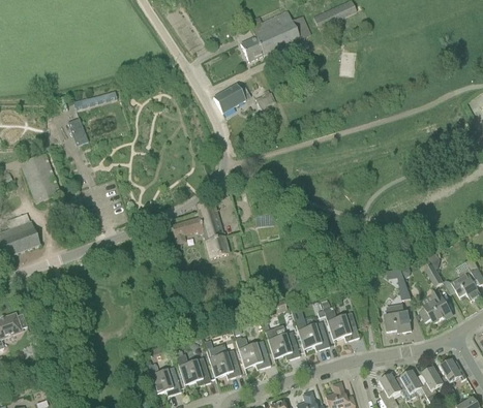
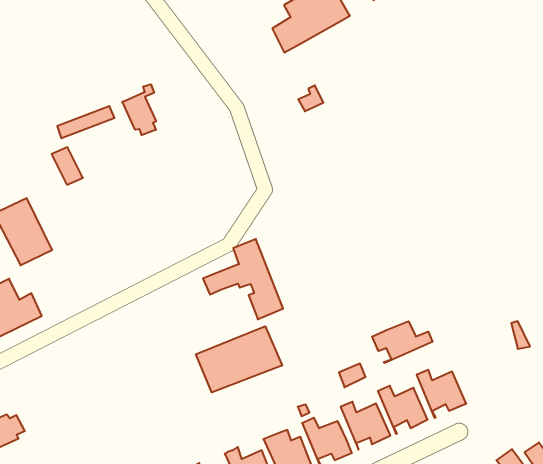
building: none -> [122,84,156,135]
building: [213,83,245,112] -> none
building: none -> [196,326,282,392]
building: none -> [372,321,432,363]
building: [384,304,412,332] -> none

